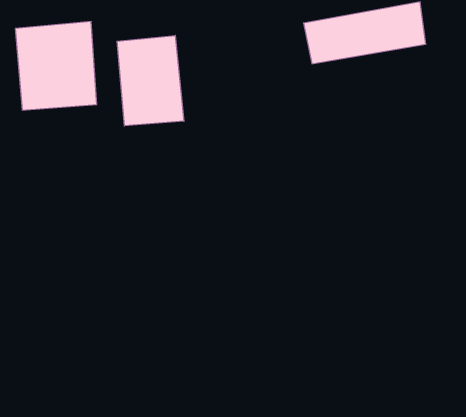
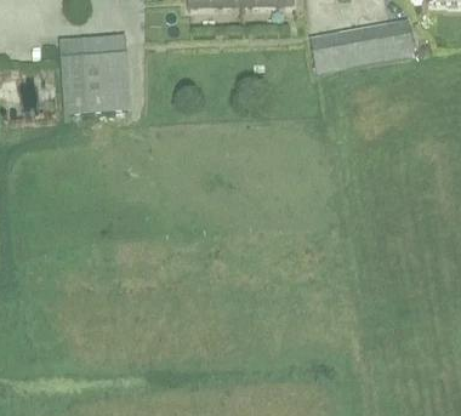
building: [117,35,184,126] -> none

